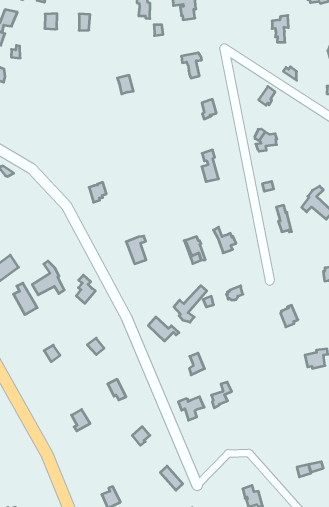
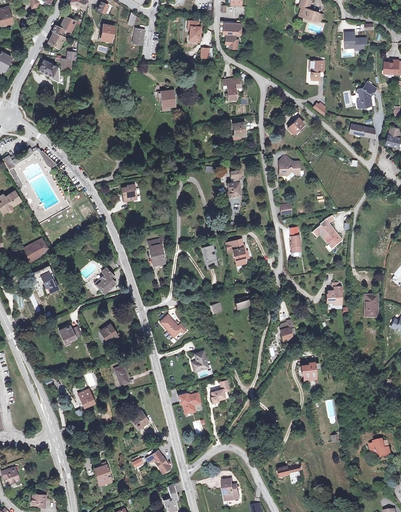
building: [32,261,64,295] -> none
building: [174,286,207,322] -> none

